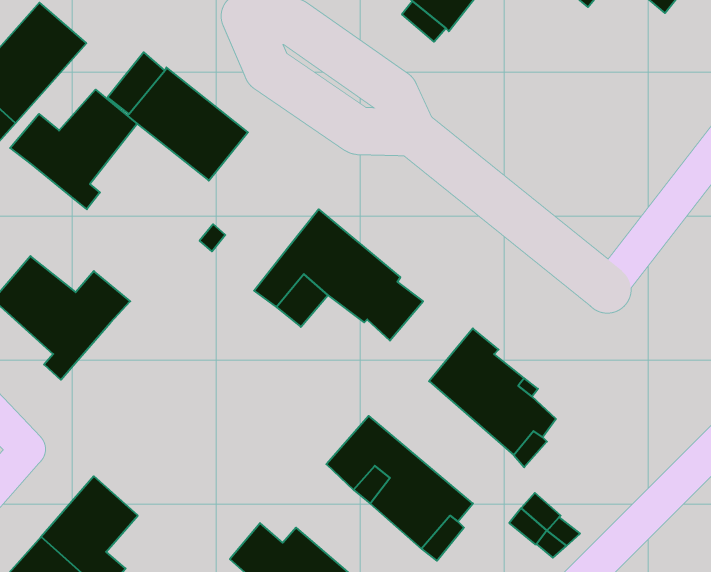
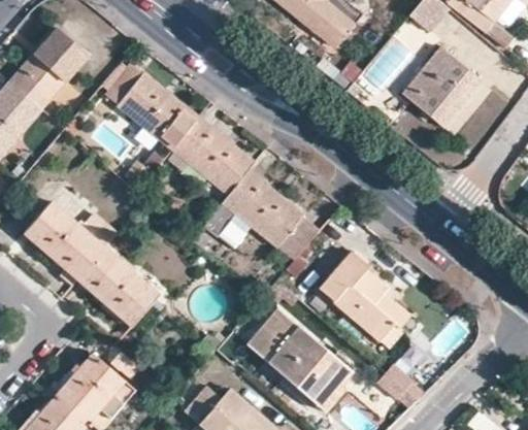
building: none -> [404,48,481,126]
building: [10,90,137,209] -> none
building: none -> [171,117,253,195]
building: none -> [77,246,158,324]

